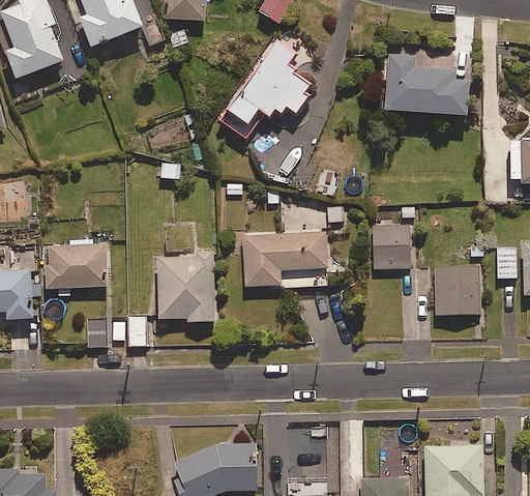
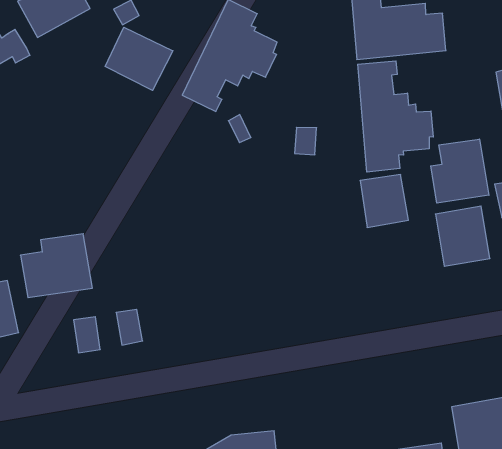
building: none -> [105,27,173,90]
building: none -> [358,61,433,172]
building: none -> [431,139,489,203]
building: [244,232,327,287] -> none
building: [156,254,215,324] -> none

